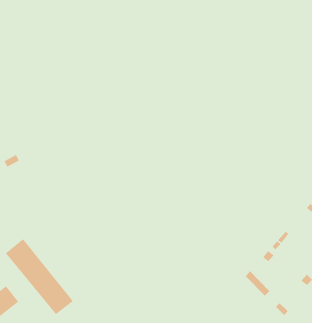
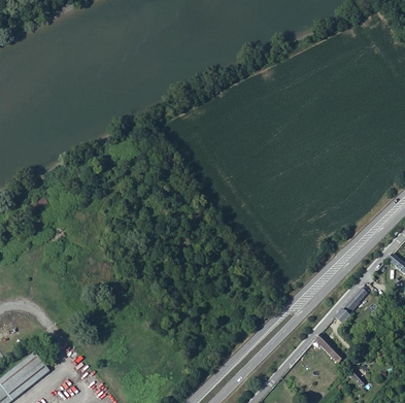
building: [5,238,74,315] -> none

